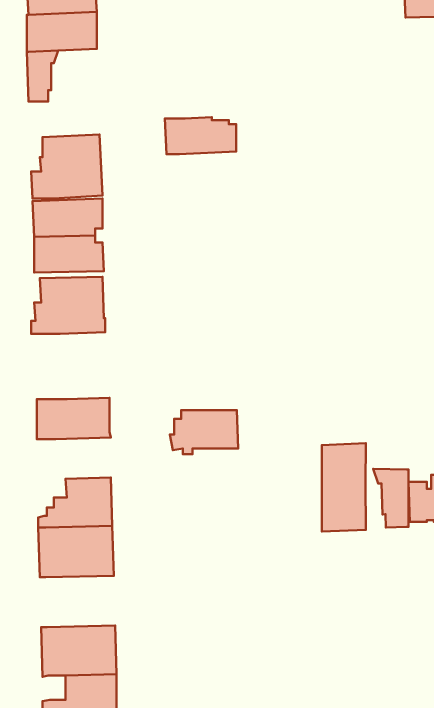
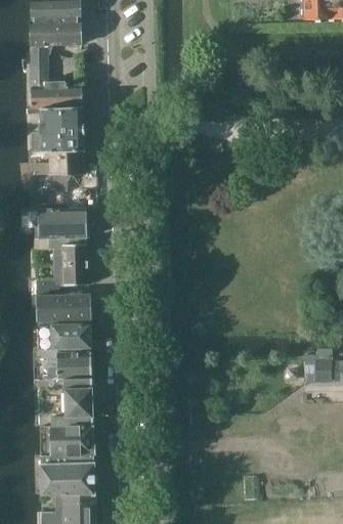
building: [165,117,236,154] -> [31,81,82,107]
building: none -> [36,248,87,296]
building: [170,410,238,454] -> [41,324,90,356]
building: [322,443,366,532] -> none
building: [373,469,408,527] -> none
building: none -> [39,423,93,460]

